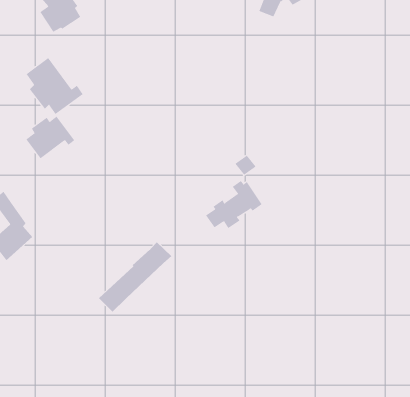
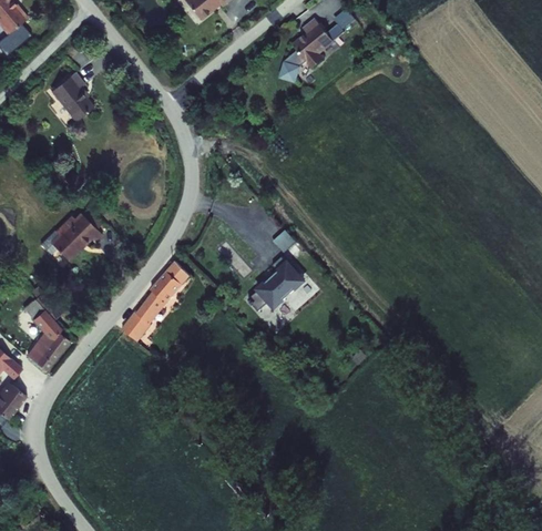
building: [26,57,84,115] -> none
building: [98,242,172,313] -> [120,262,192,341]

